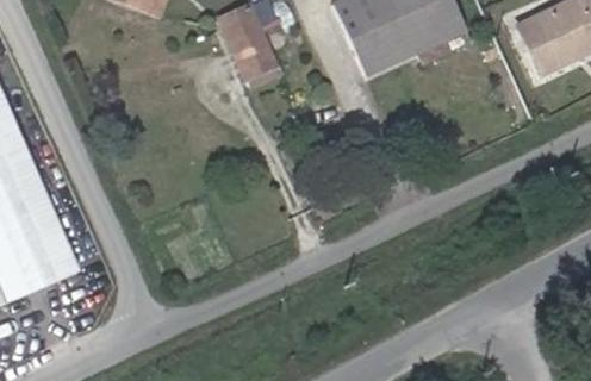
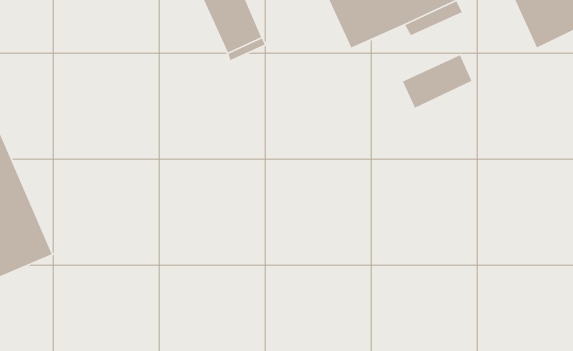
building: none -> [402,54,473,109]

